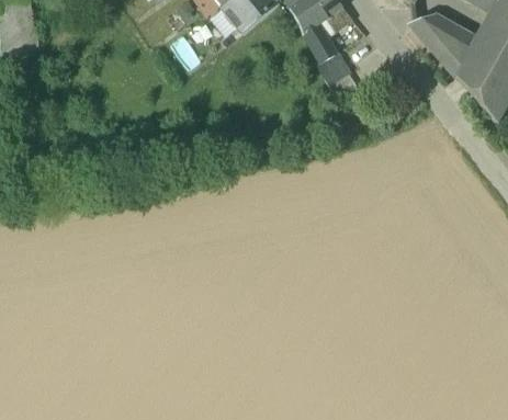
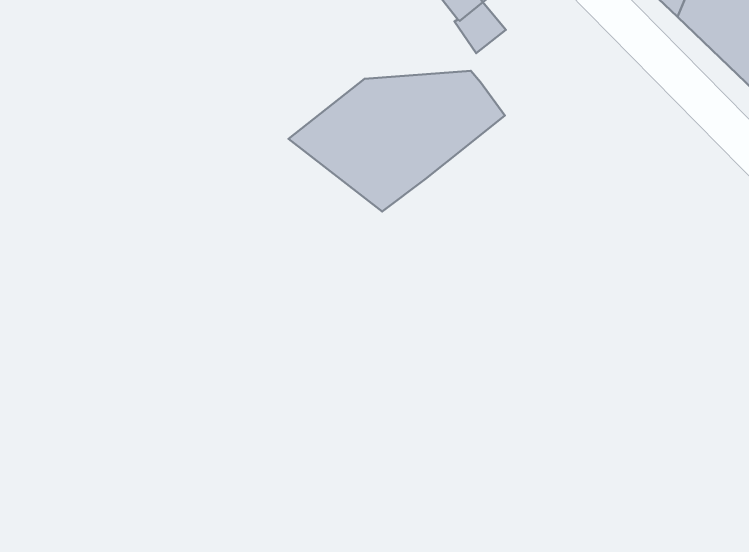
building: none -> [288,71,505,212]

